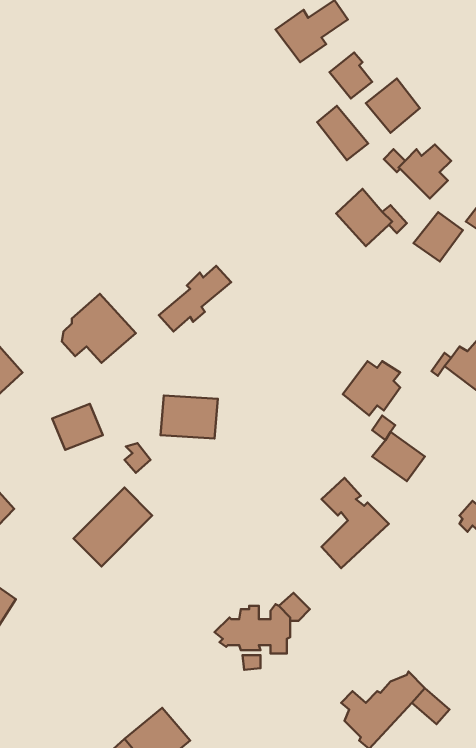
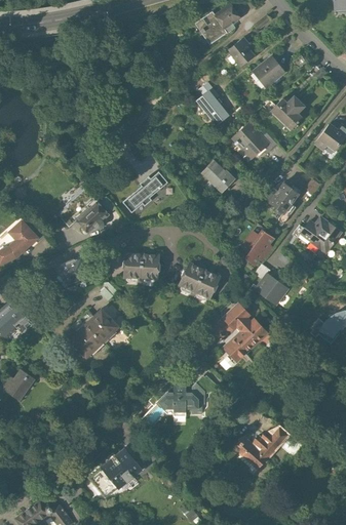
building: [317,106,368,160] -> [197,91,229,125]
building: [413,212,463,261] -> [269,184,300,214]
building: none -> [201,161,236,194]
building: none -> [179,262,220,298]

